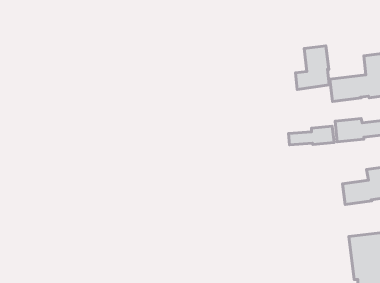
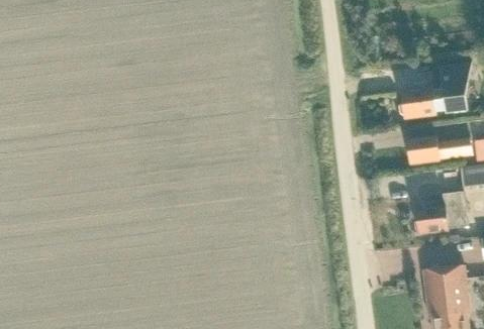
building: [295,46,329,89] -> none
building: [289,126,334,145] -> none

